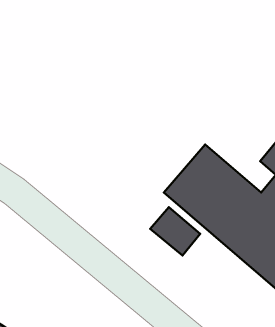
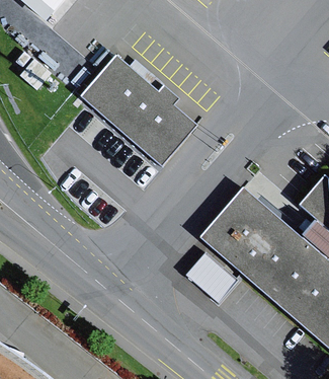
building: none -> [80,54,197,165]

